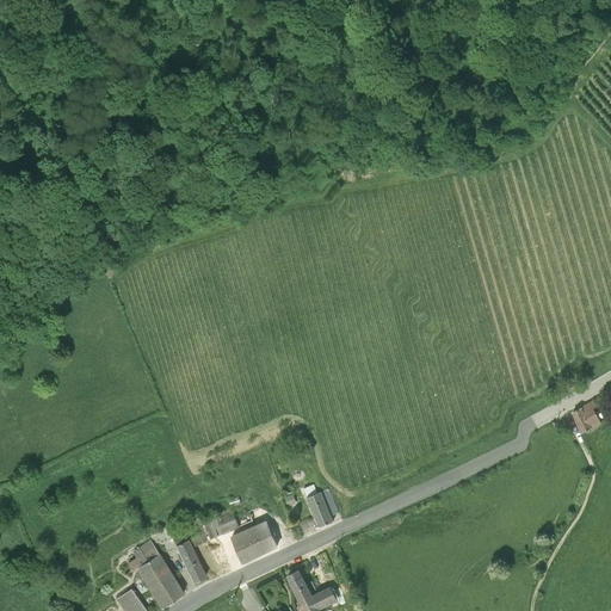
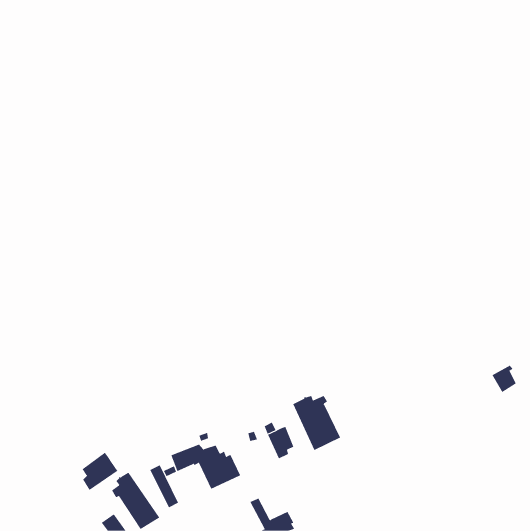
building: none -> [292,395,341,451]
building: none -> [82,452,118,491]

